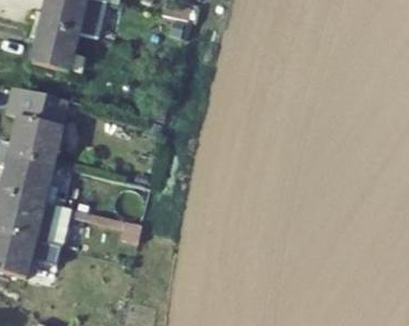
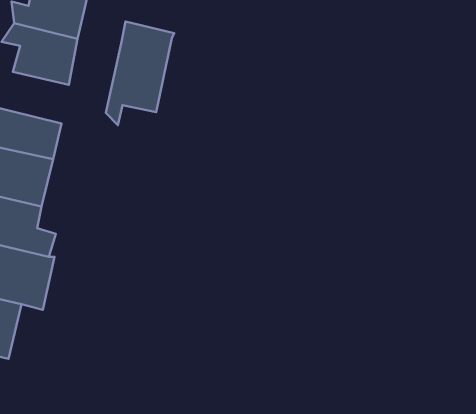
building: none -> [106,22,174,125]

